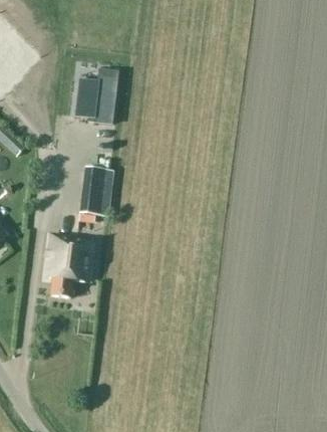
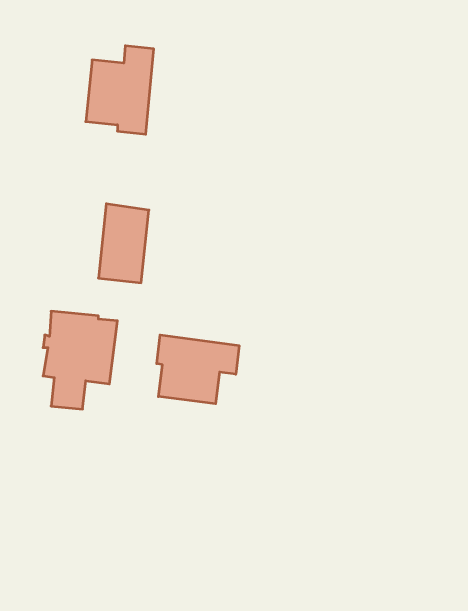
building: none -> [157,335,239,404]

